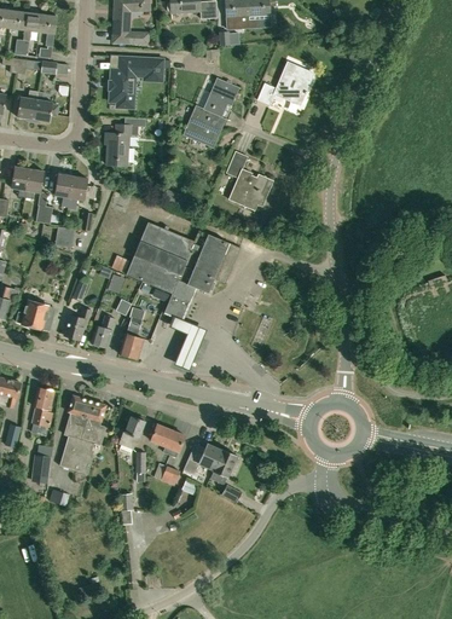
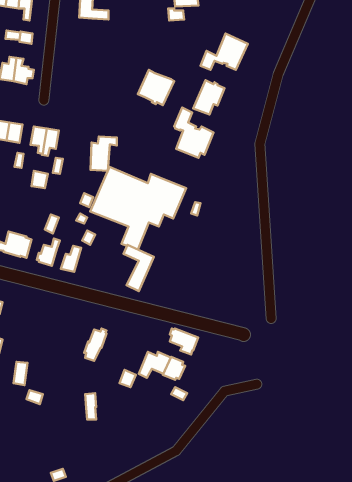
building: [109,57,163,106] -> none
building: [203,75,241,116] -> [193,80,225,114]
building: [106,125,138,166] -> [91,136,117,171]
building: [120,307,145,358] -> none
building: [31,387,54,426] -> none
building: [59,395,106,473] -> none
building: [151,424,185,456] -> [170,328,198,355]

